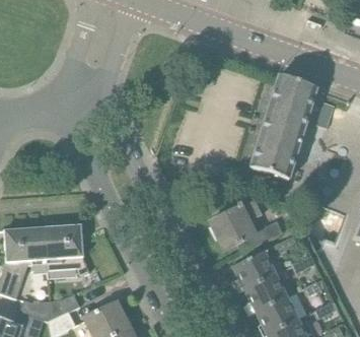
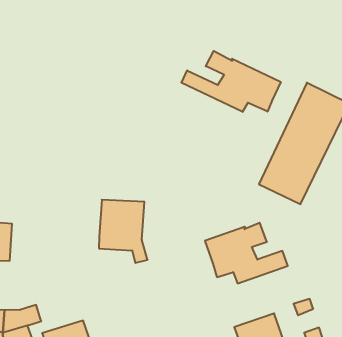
building: none -> [181,51,281,112]
building: [45,224,90,277] -> [99,200,148,263]
building: [233,237,297,290] -> none

